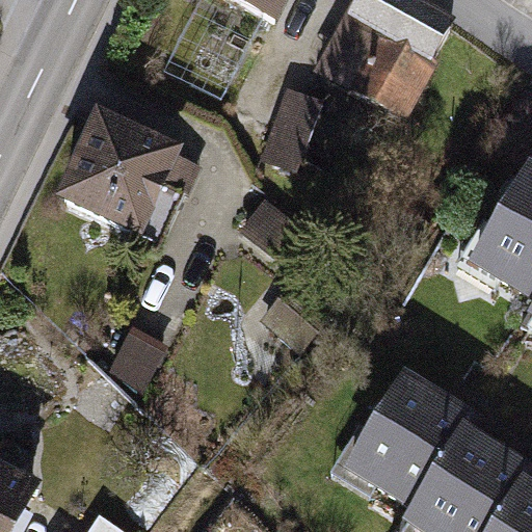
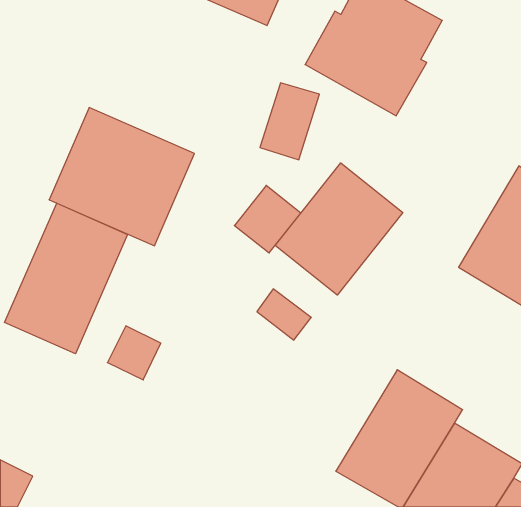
building: none -> [275,163,403,295]
building: none -> [5,203,127,354]

